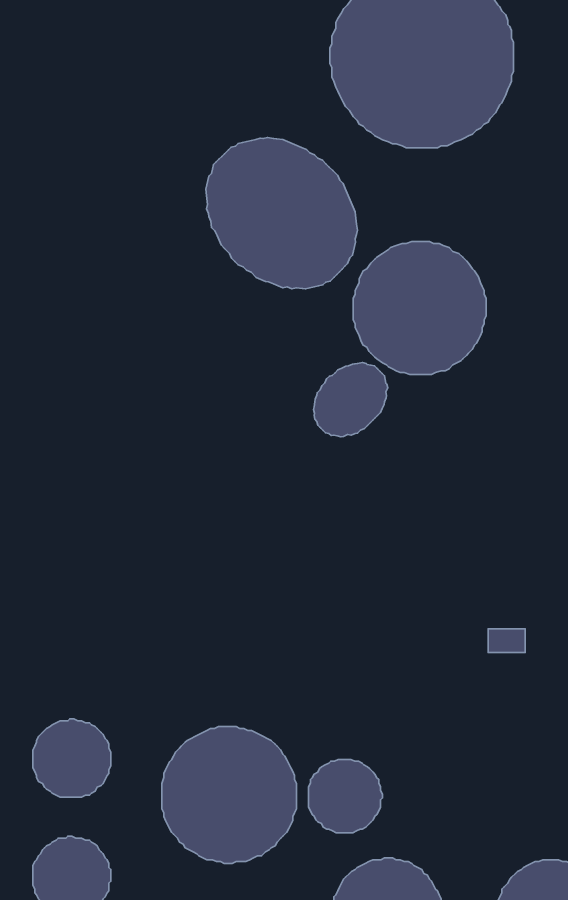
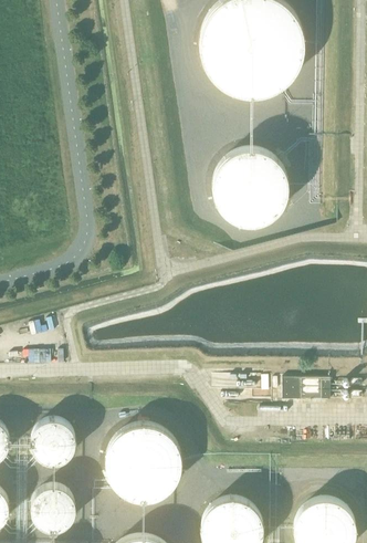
building: [206,138,357,289] -> none
building: [314,363,388,437] -> none
building: [309,759,382,833] -> none

